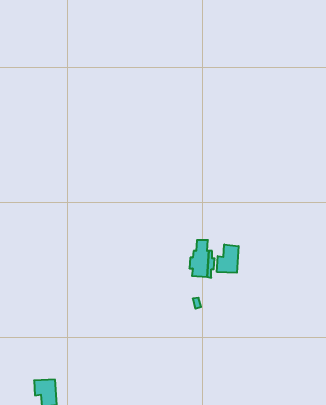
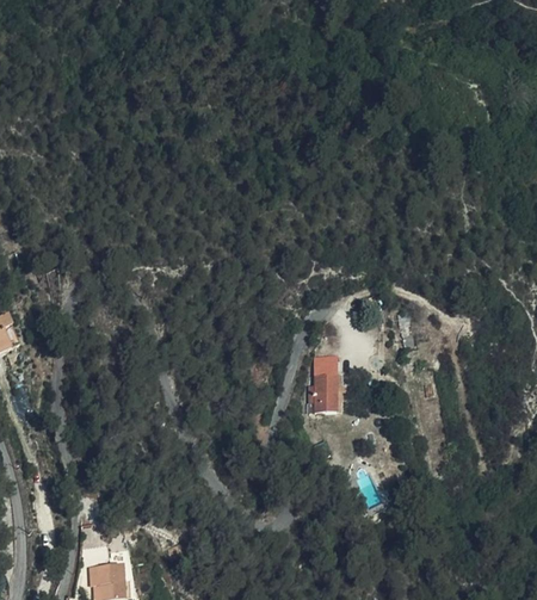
building: [217,244,239,273] -> none

